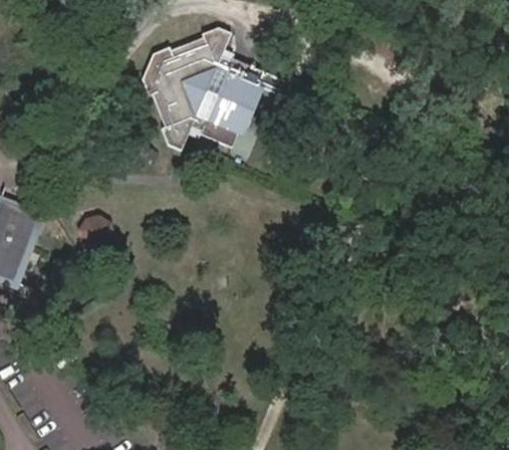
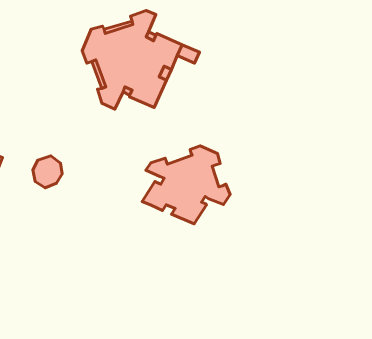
building: none -> [142,146,230,224]

